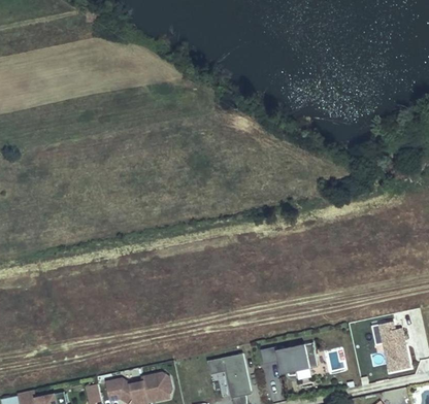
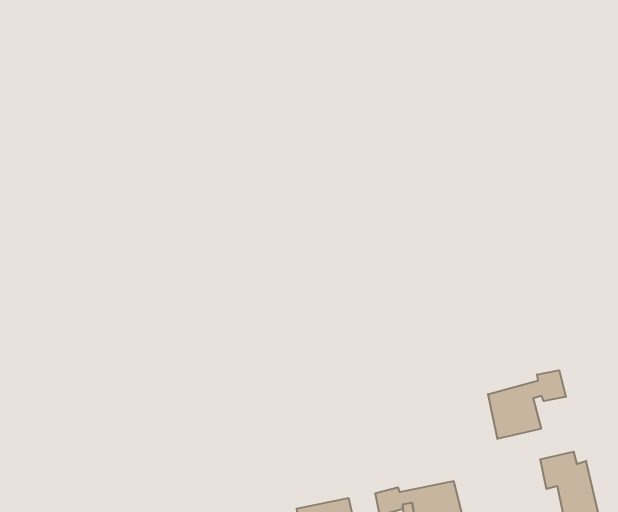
building: none -> [488,370,566,439]

